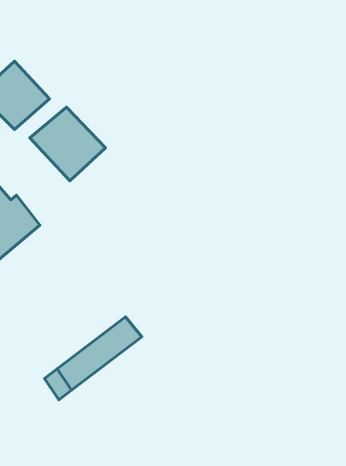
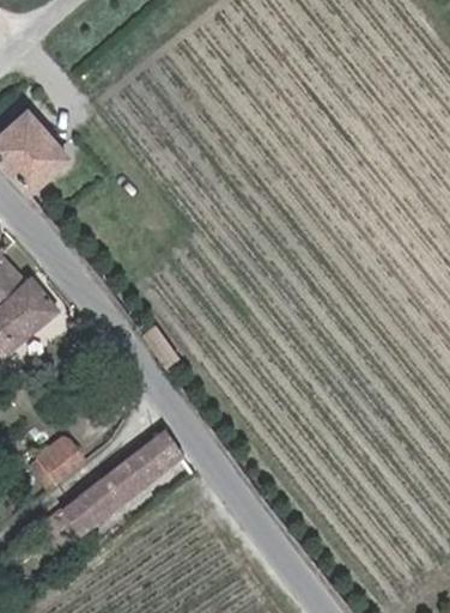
building: [30,107,105,181] -> none
building: none -> [20,437,80,493]

